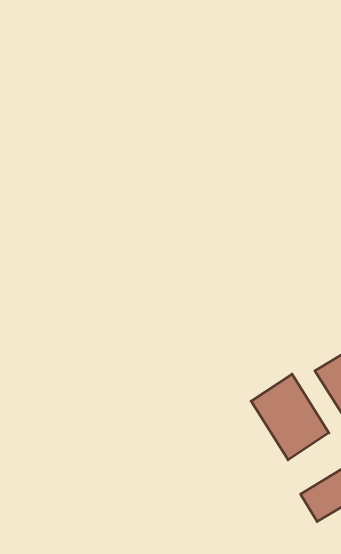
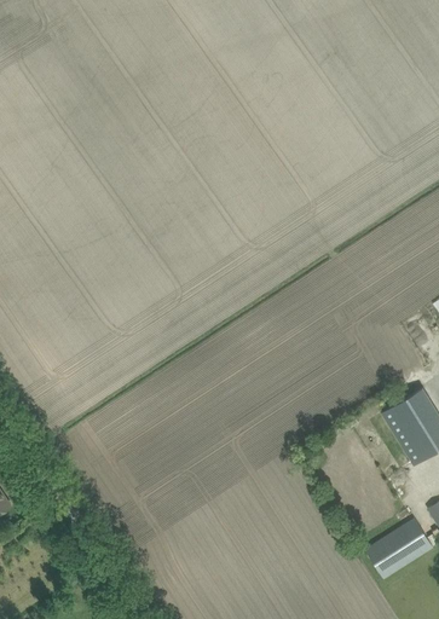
building: [251,374,329,460] -> none

